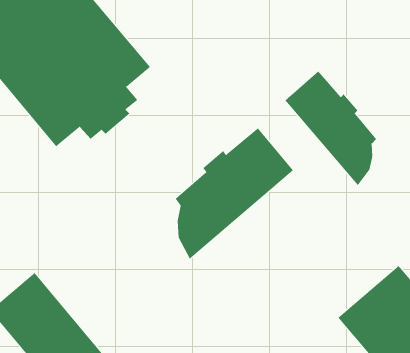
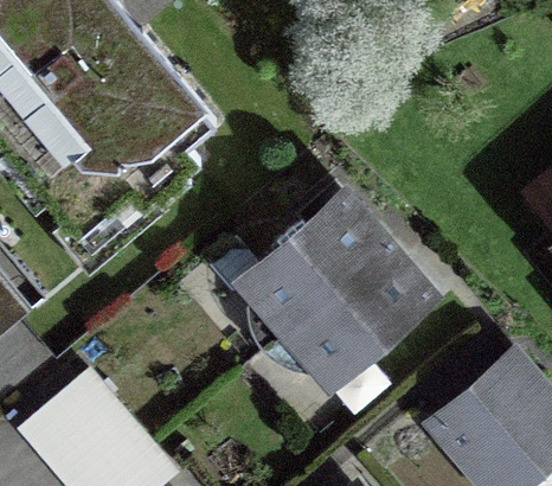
building: [285,71,377,186] -> none
building: none -> [262,244,430,379]

